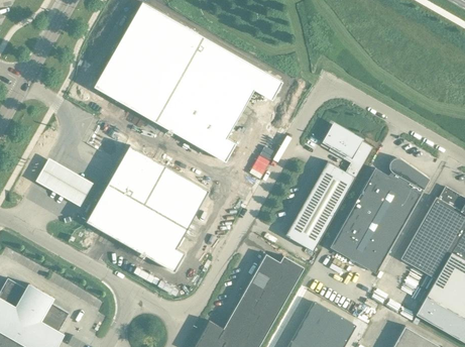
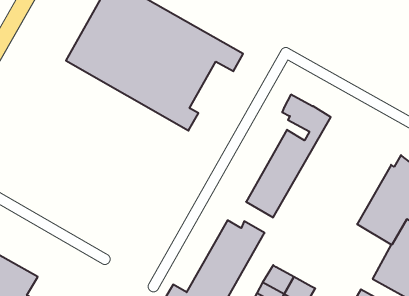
building: [90,144,209,271] -> none
building: [35,155,95,206] -> none
building: [329,158,429,273] -> none

